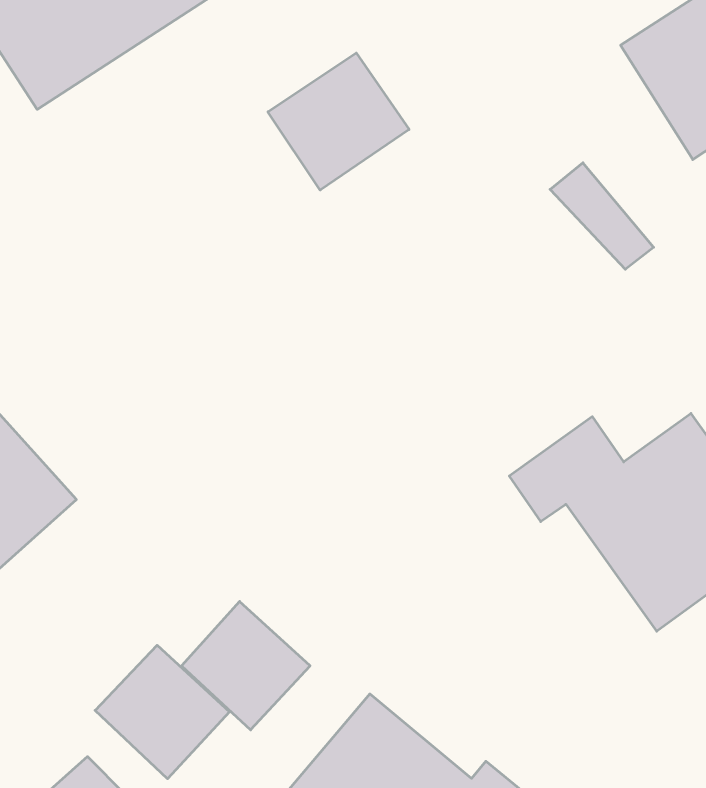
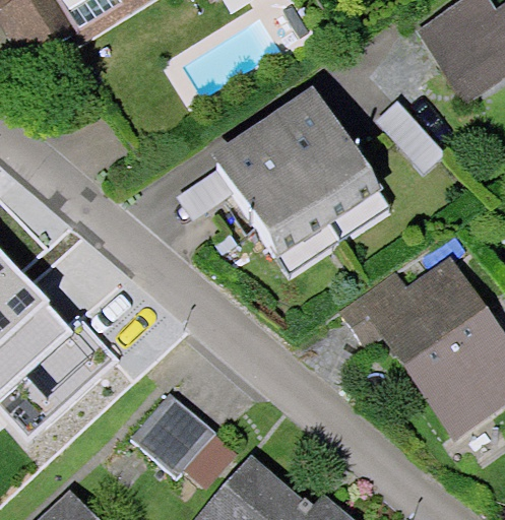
building: [268,53,409,190] -> none
building: none -> [224,106,390,267]
building: [95,645,230,779] -> none

